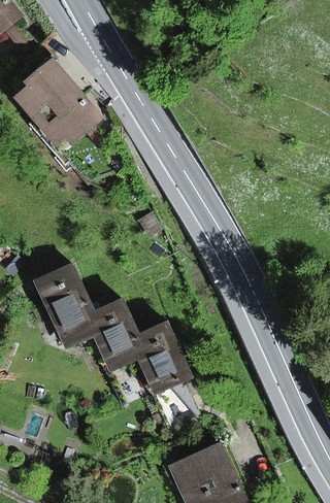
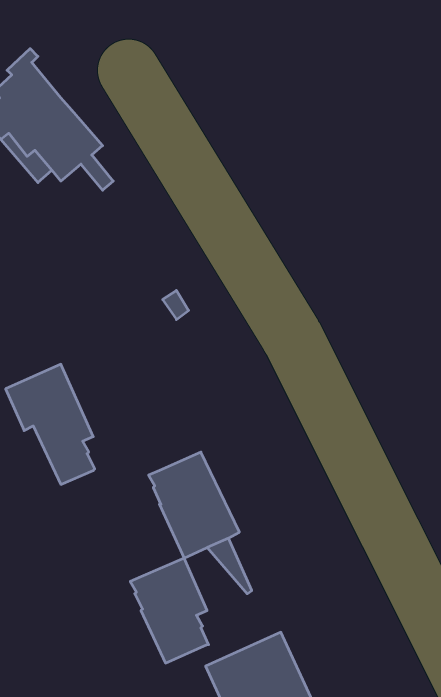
building: [86,300,138,370] -> [130,558,209,663]

